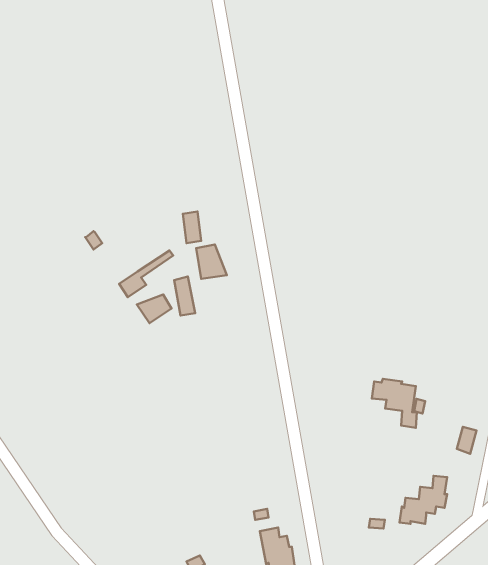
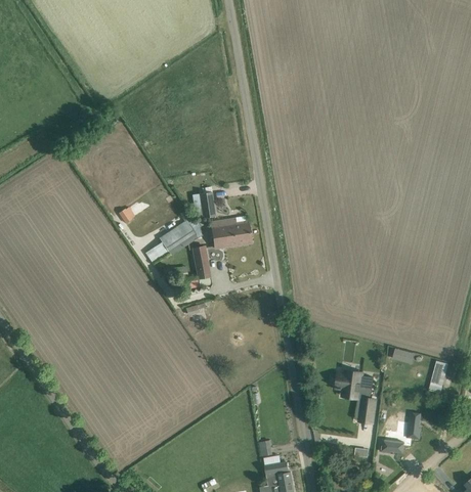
building: none -> [226,218,251,244]
building: [137,295,172,323] -> none
building: [372,379,417,428] -> [339,372,377,413]

